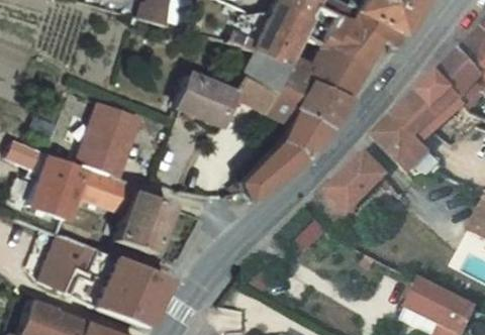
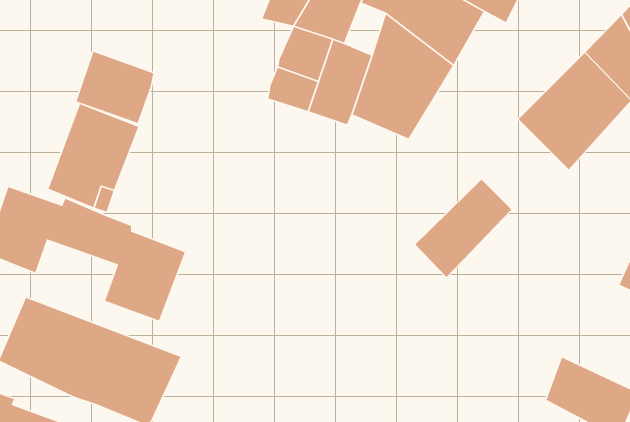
building: [174,73,228,123] -> [76,51,154,124]
building: [232,109,324,201] -> none
building: [382,112,444,174] -> none

